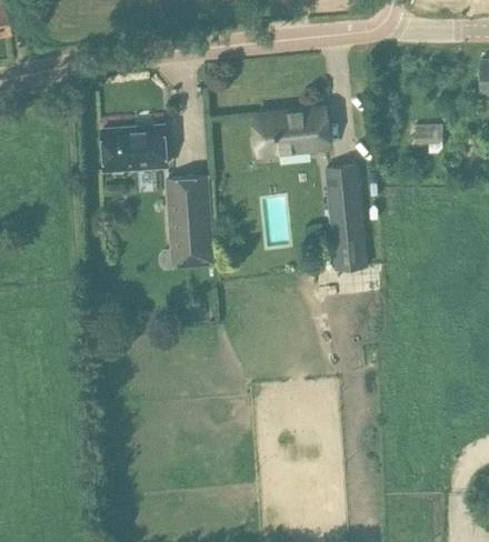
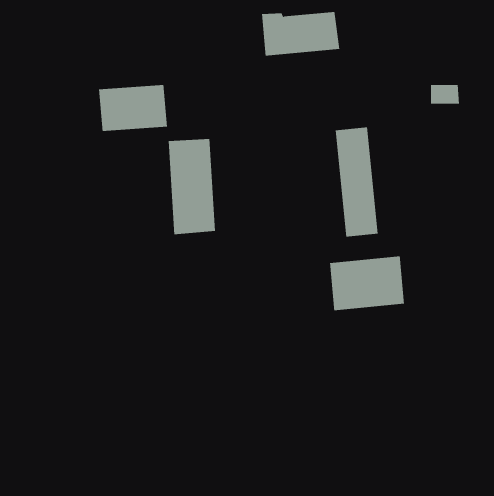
building: [256,112,330,154] -> [261,12,340,56]
building: none -> [329,255,404,311]

